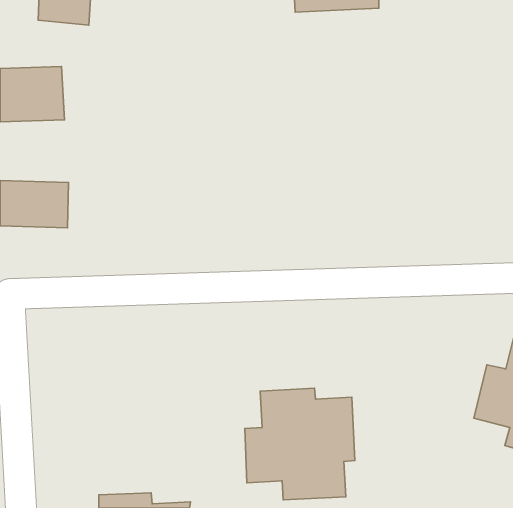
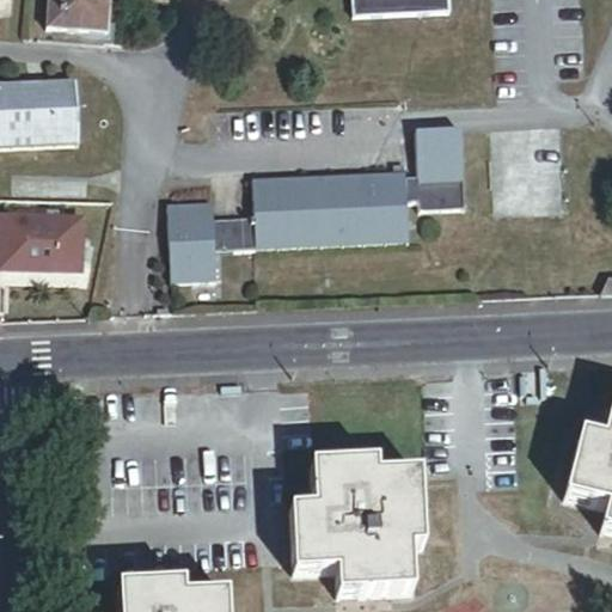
building: none -> [169,127,465,282]

